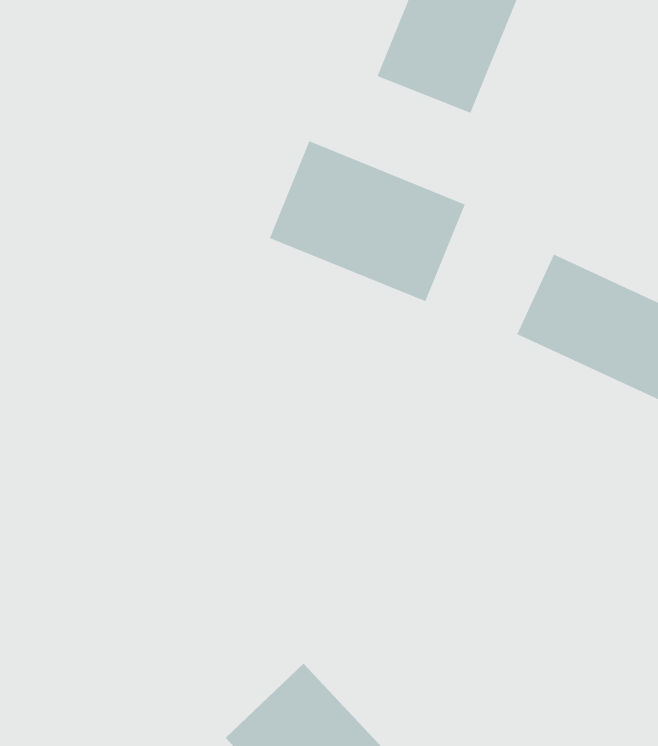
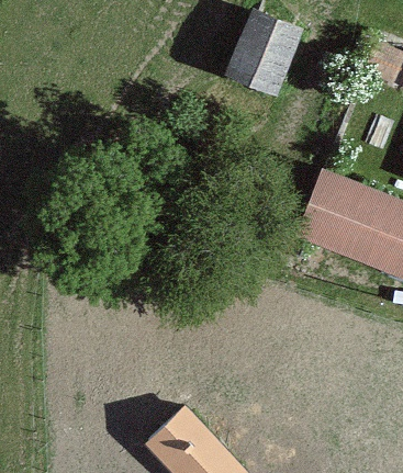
building: [269,140,466,302] -> none

